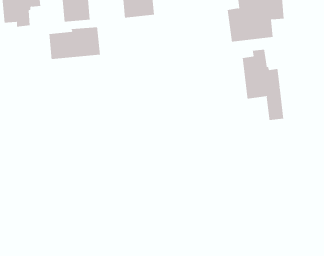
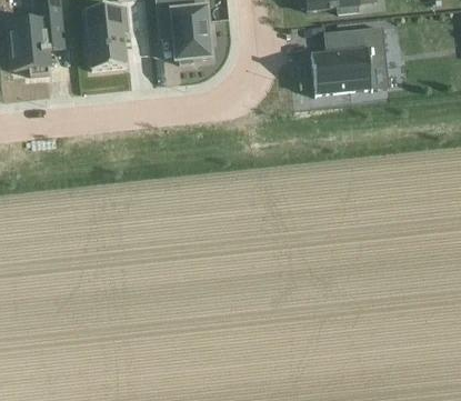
building: [49,26,100,60] -> none
building: [242,49,284,121] -> none

